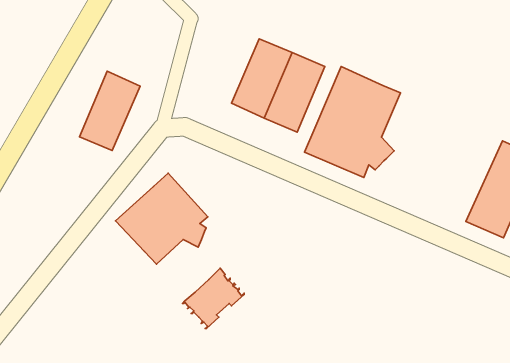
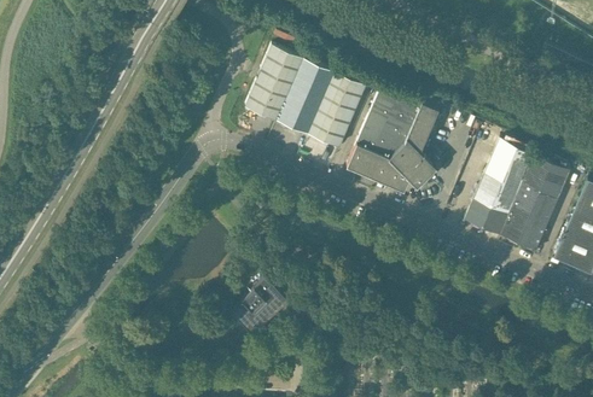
building: [80,71,140,151] -> [244,45,302,121]
building: none -> [465,141,535,234]
building: [116,173,208,264] -> none

